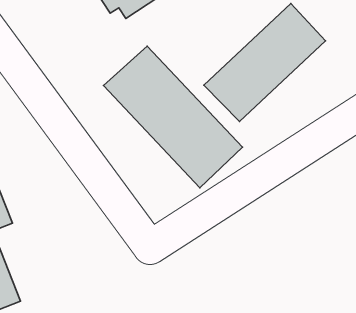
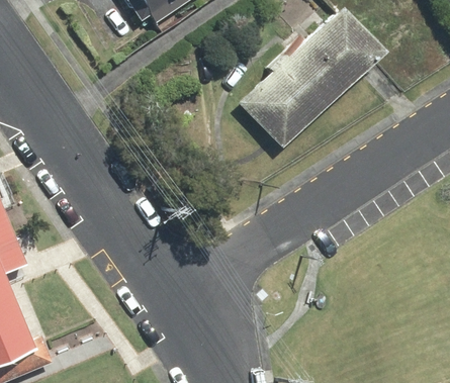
building: [104,46,243,188] -> none

